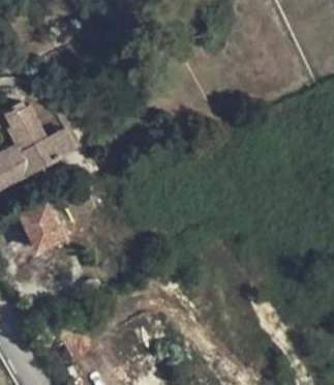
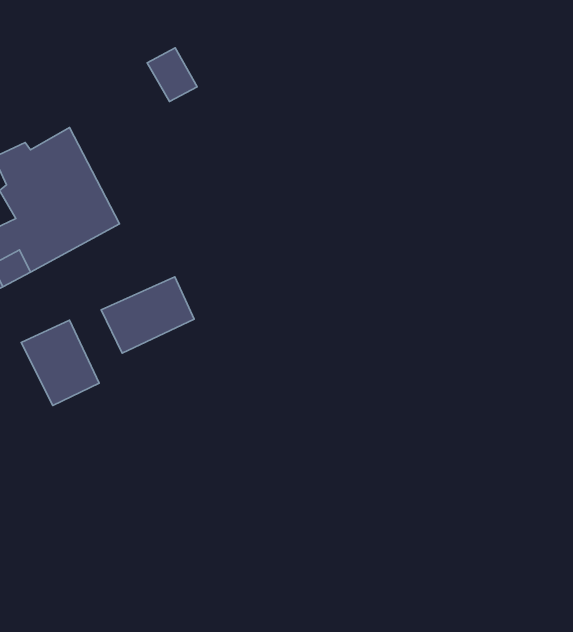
building: none -> [101,277,194,353]

